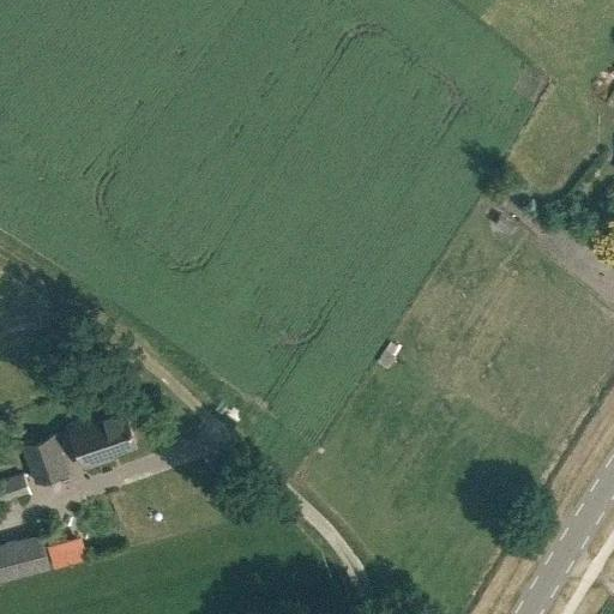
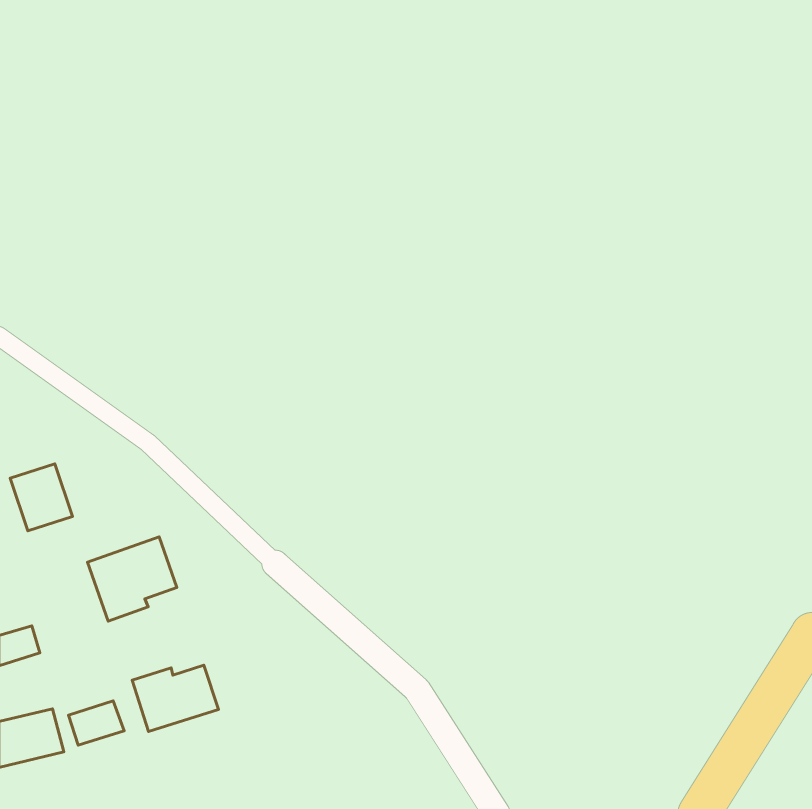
building: [20,434,67,484] -> [10,464,72,531]
building: none -> [132,665,218,732]

